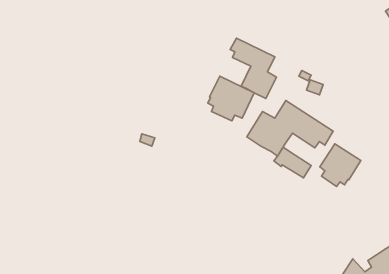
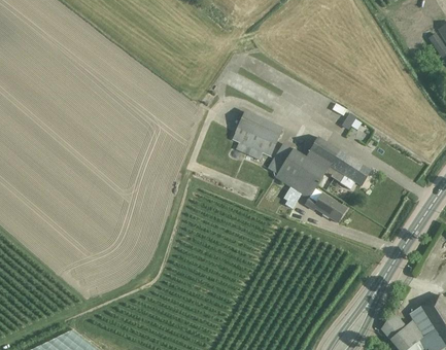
building: [230,38,276,98] -> none
building: [320,144,361,186] -> none

